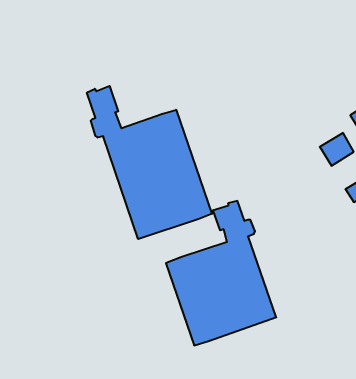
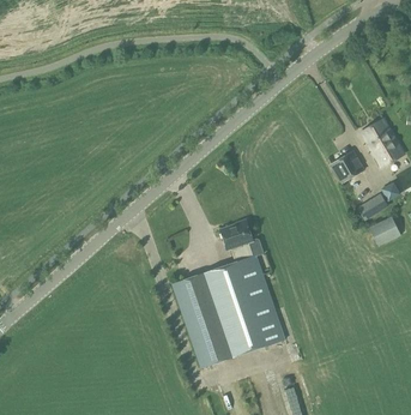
building: [87,86,212,239] -> none

